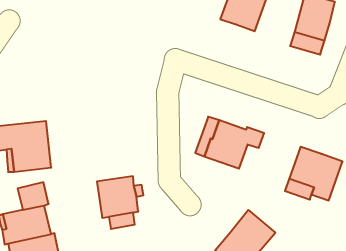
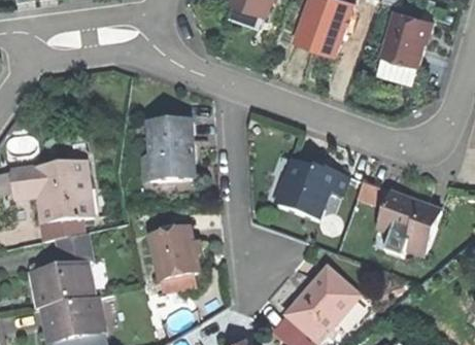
building: none -> [142,119,195,181]

